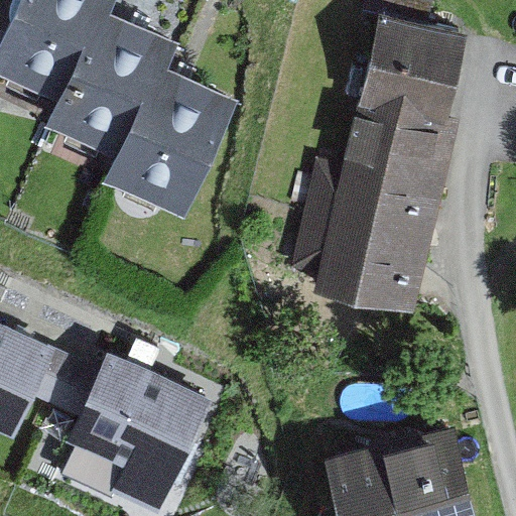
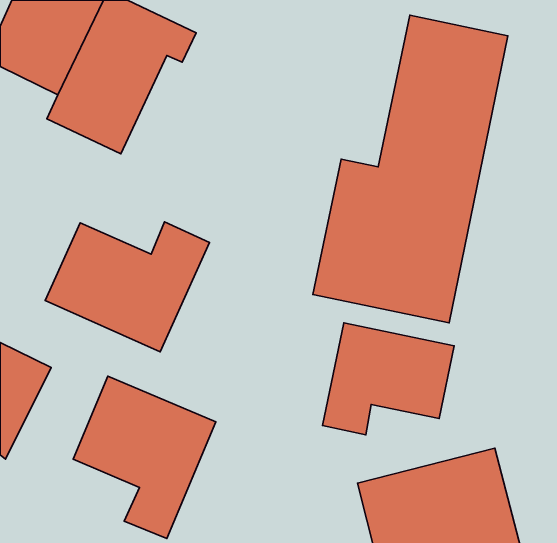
building: [100,64,236,220] -> none
building: none -> [45,222,210,352]
building: none -> [323,323,454,435]

